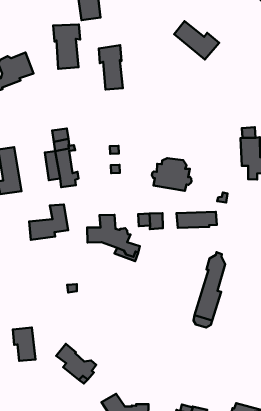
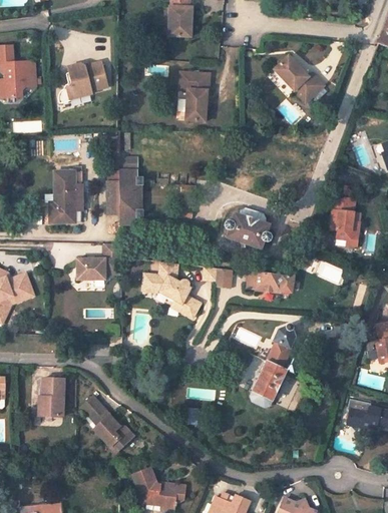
building: [53,24,80,69] -> none

